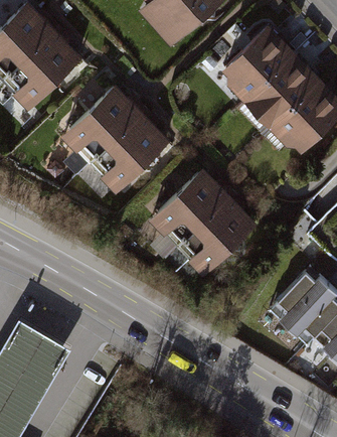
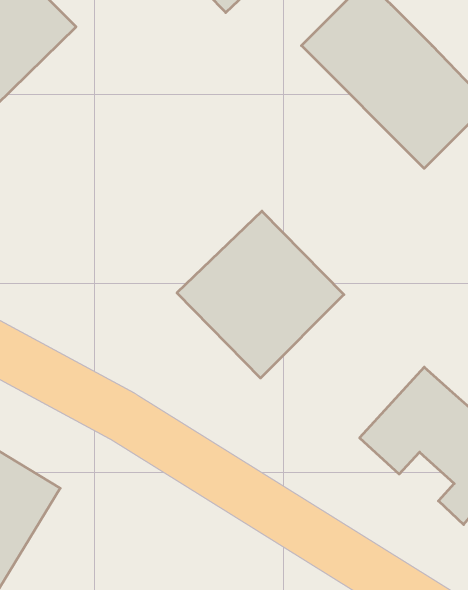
building: [61,83,173,194] -> none

